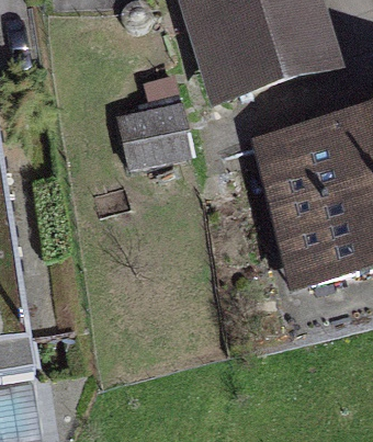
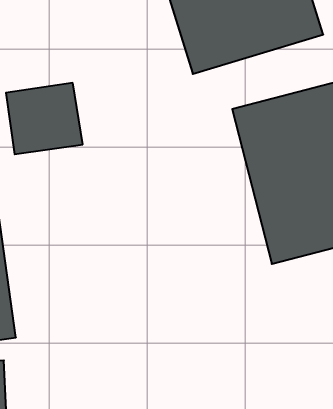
building: [113,102,190,173] -> [6,83,83,154]

